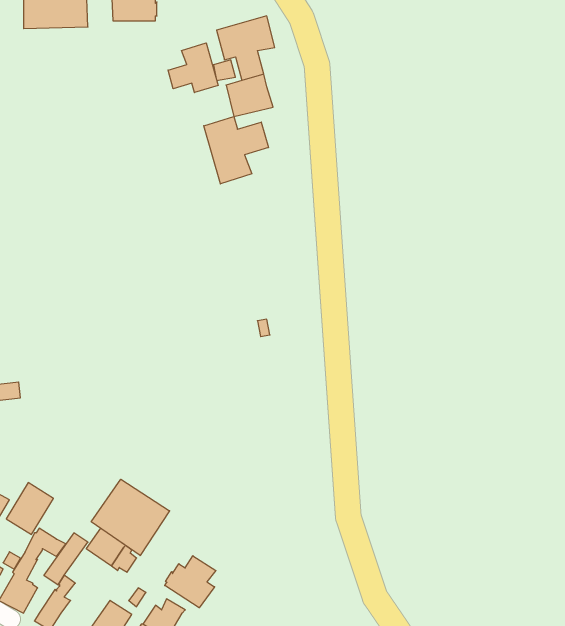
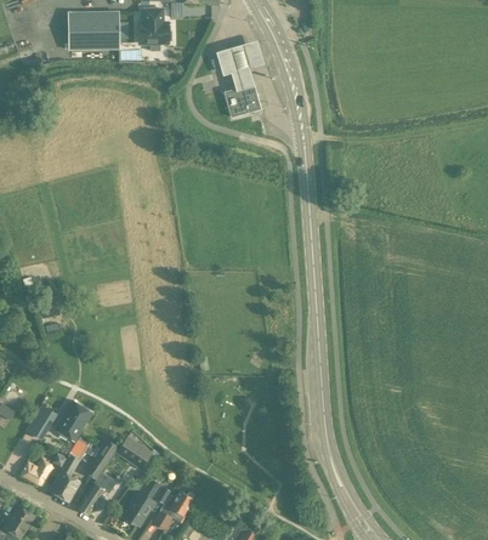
building: [168,43,218,93] -> none
building: [204,117,268,184] -> none
building: [91,479,170,556] -> none
building: [165,556,216,608] -> none

